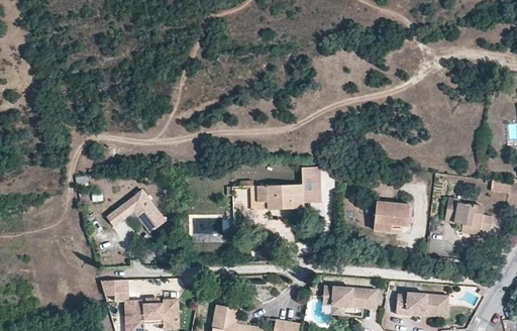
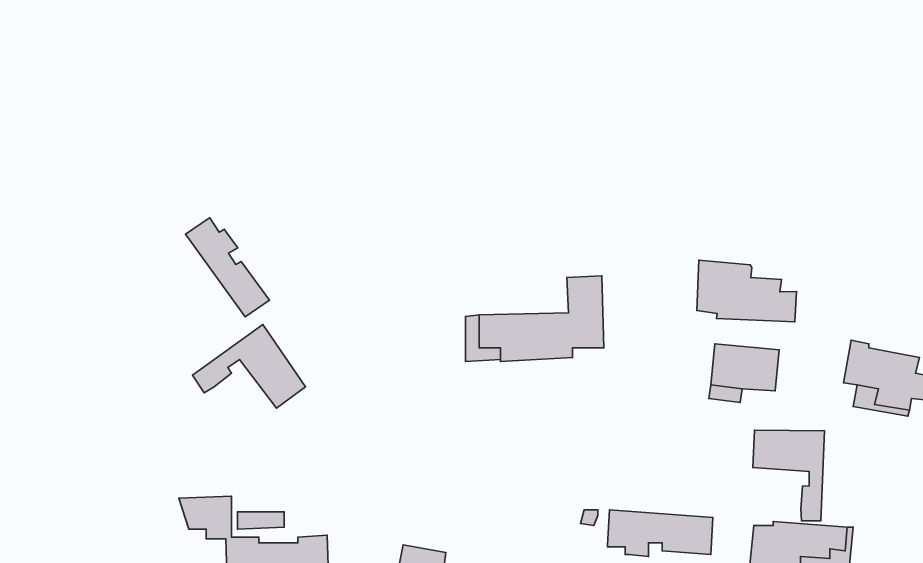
building: none -> [186,218,269,317]
building: none -> [697,260,797,322]
building: none -> [753,430,824,521]

